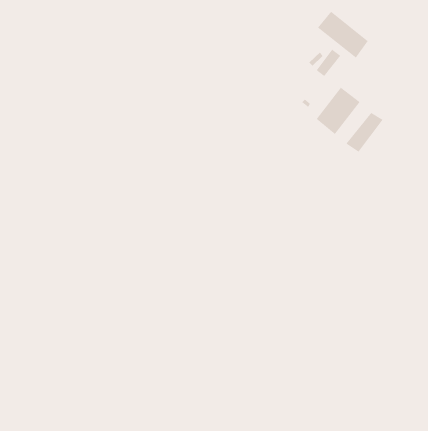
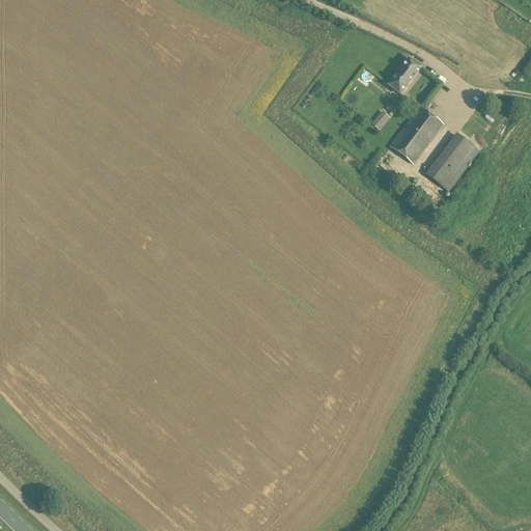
building: [317,11,369,59] -> none

